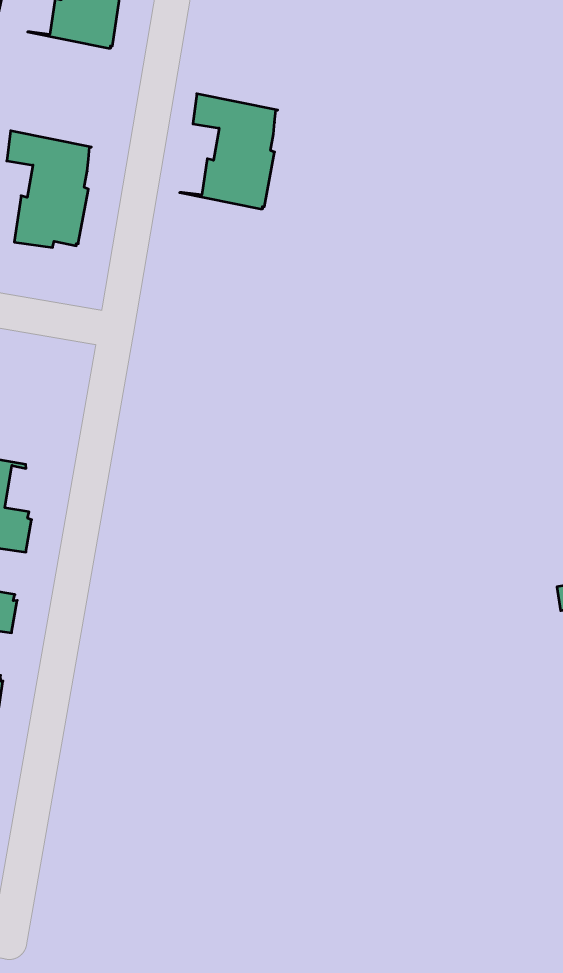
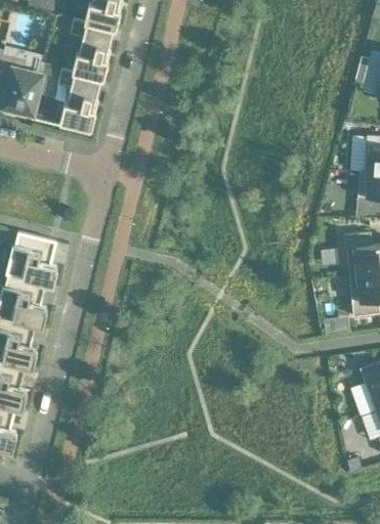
building: [180,94,278,209] -> [60,20,114,82]

